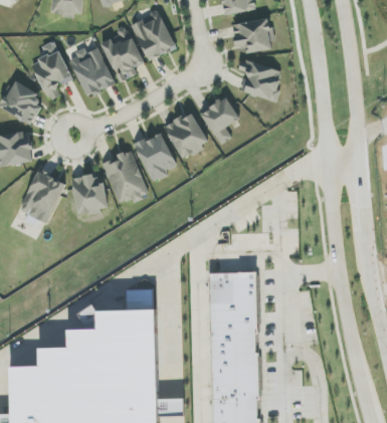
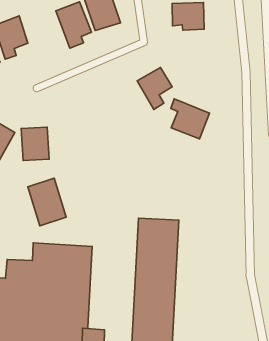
building: [68,46,114,96] -> none
building: [238,58,282,101] -> [171,99,210,139]
building: [165,112,208,158] -> none
building: [134,133,176,182] -> none
building: [102,151,148,206] -> [28,178,66,226]

